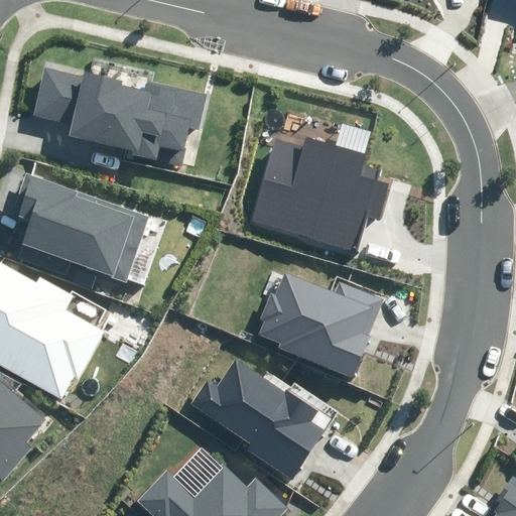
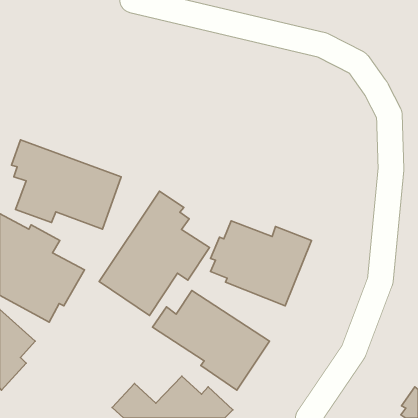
building: [31,68,206,165] -> none
building: [249,135,389,252] -> none
building: none -> [99,191,209,315]

